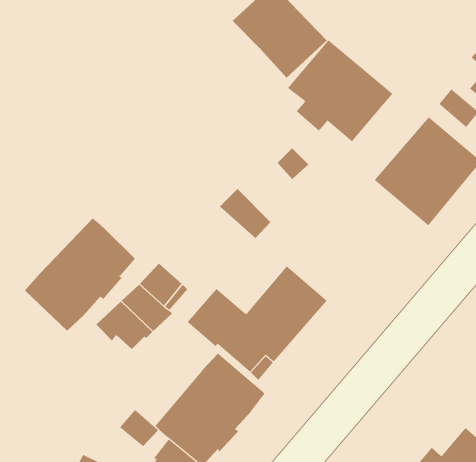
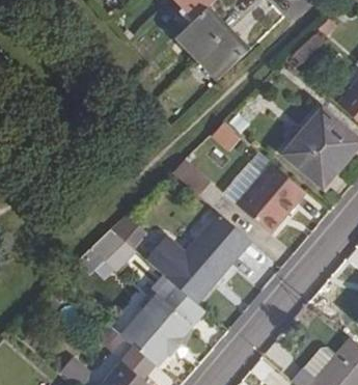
building: [287,40,393,142] -> none
building: none -> [231,166,301,237]
building: [24,217,136,332] -> none

